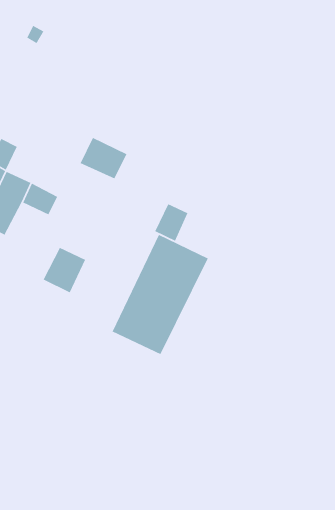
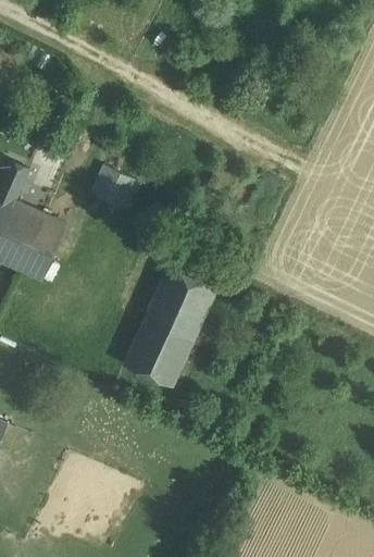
building: [154,203,189,242] -> none
building: [43,247,86,294] -> [13,233,58,281]

